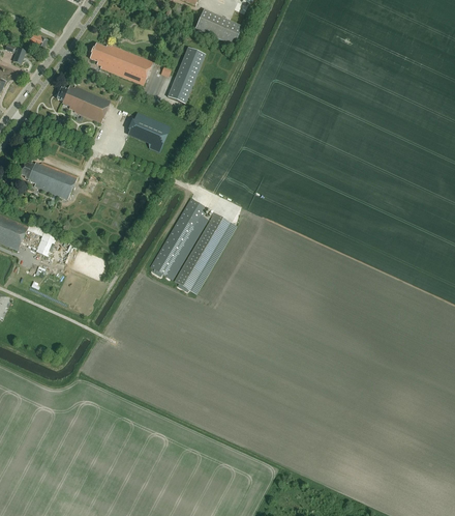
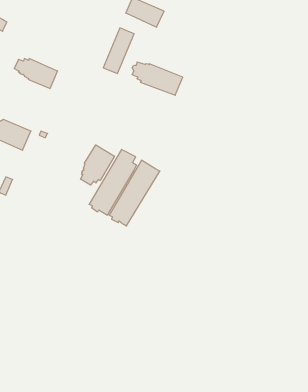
building: [89,42,152,84] -> [132,62,183,95]
building: [127,112,170,152] -> none
building: none -> [81,145,114,185]

